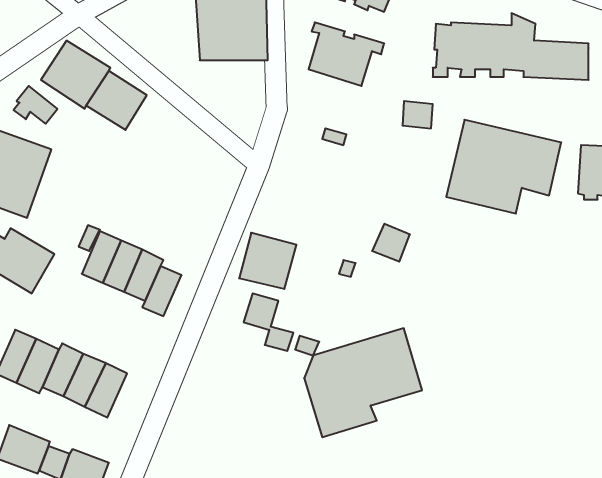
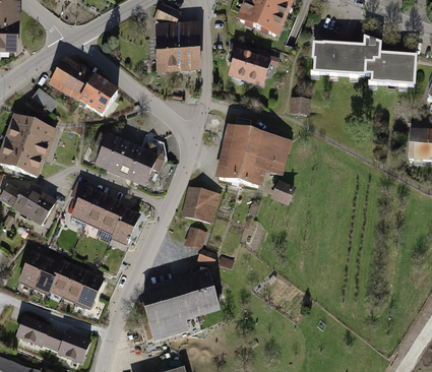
building: [446,120,561,214] -> [214,124,292,187]
building: none -> [95,132,165,186]
building: [304,328,422,437] -> [140,266,220,339]

